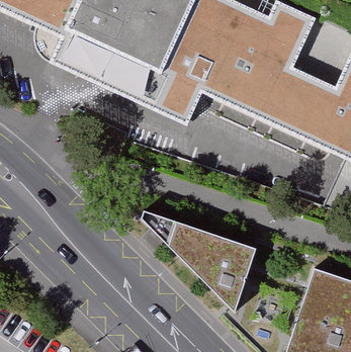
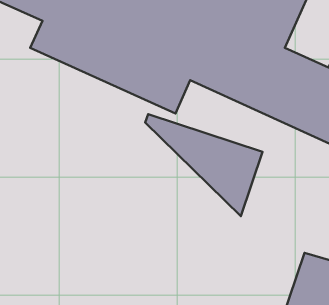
building: [142,210,256,310] -> [145,114,263,216]

